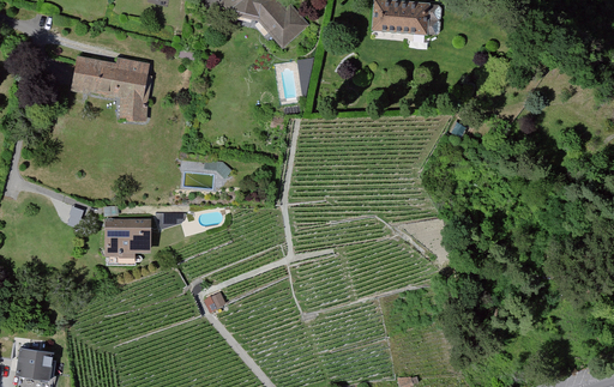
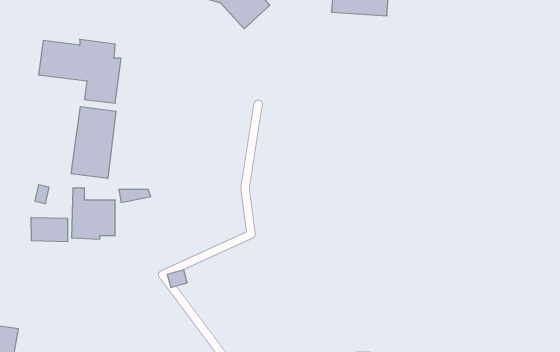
building: none -> [71,107,116,179]
building: none -> [31,217,68,242]

